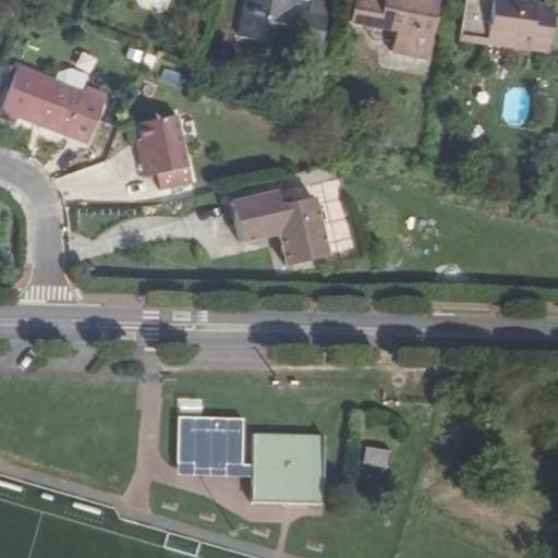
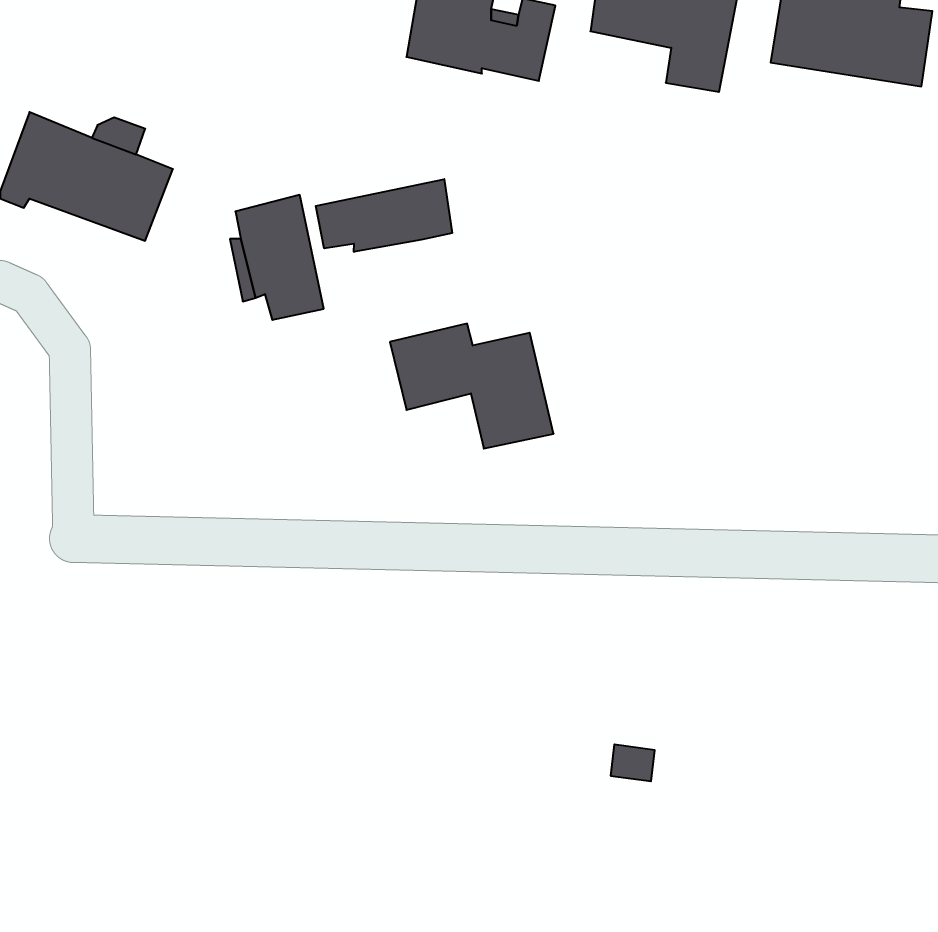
building: none -> [316,179,452,252]
building: [177,412,245,472] -> none
building: [254,422,335,500] -> none

